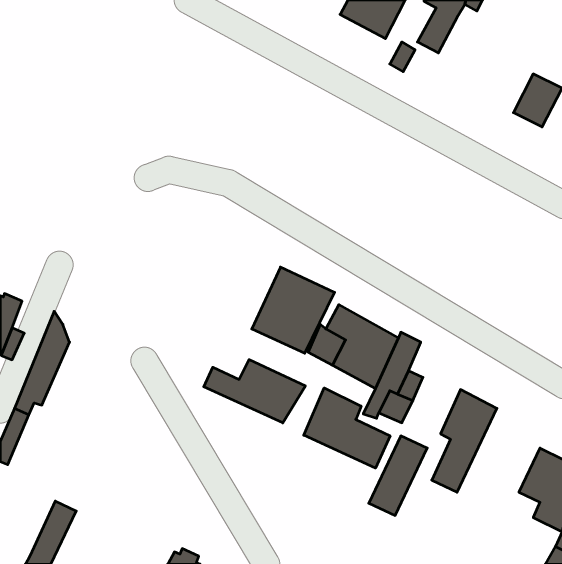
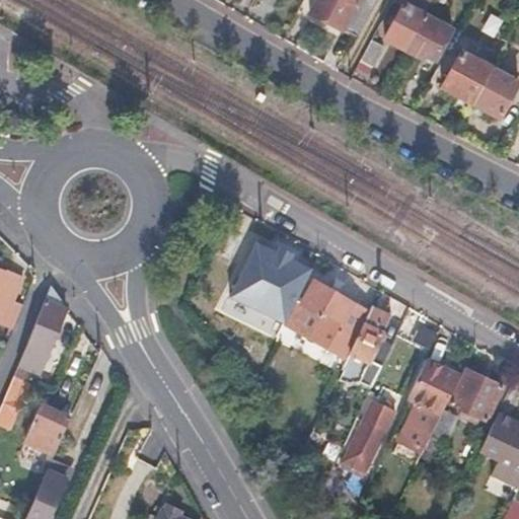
building: none -> [404,14,448,59]
building: none -> [430,33,507,103]
building: [204,360,305,423] -> none
building: [304,388,390,468] -> none
building: none -> [451,370,499,416]
building: none -> [23,407,70,456]

